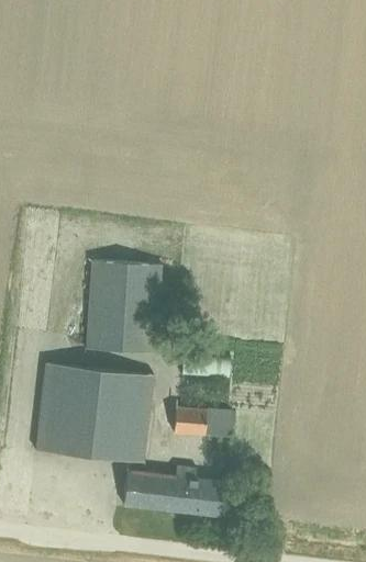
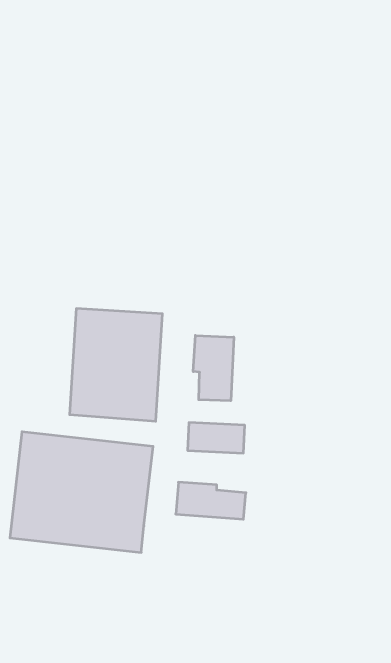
building: none -> [193,335,234,401]
building: [124,467,224,517] -> none

